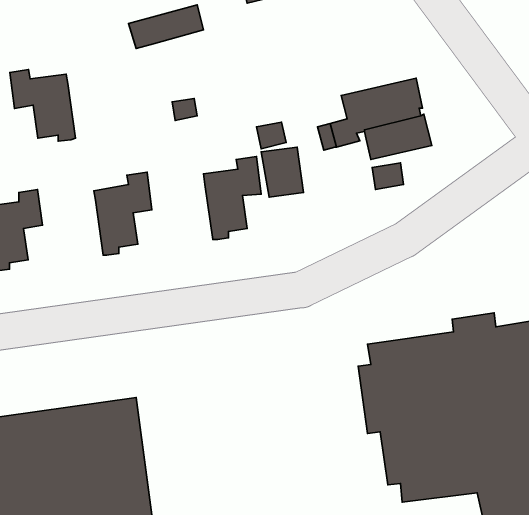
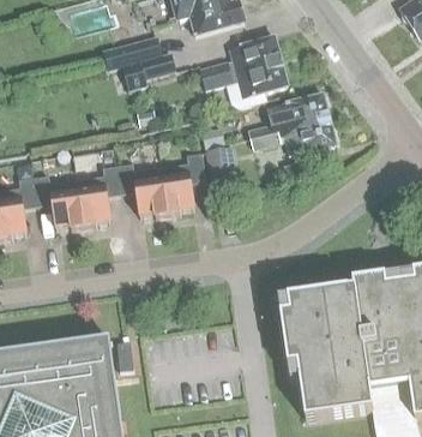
building: none -> [201,37,287,107]
building: none -> [122,53,175,89]
building: [10,69,75,141] -> [34,175,84,231]
building: none -> [117,163,168,218]

